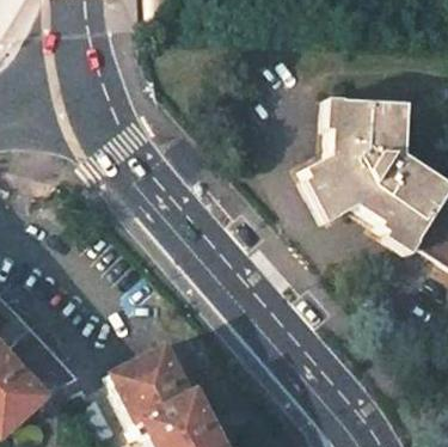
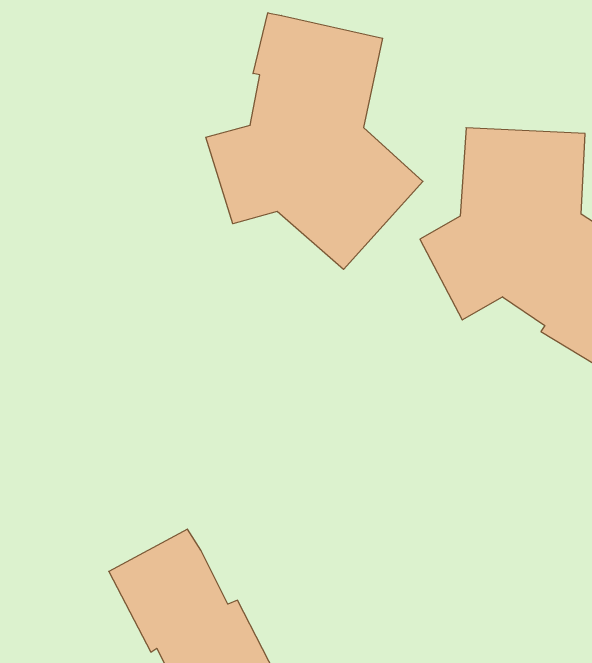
building: none -> [206,13,423,269]

